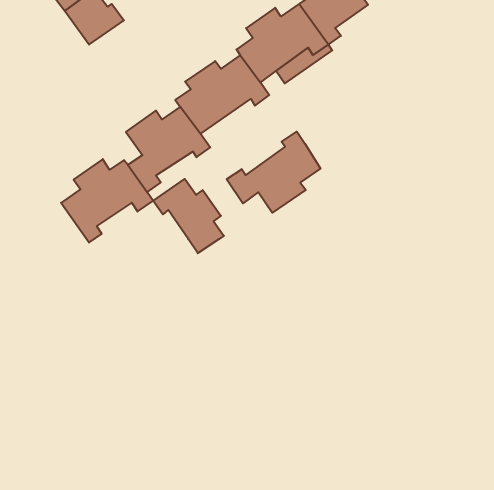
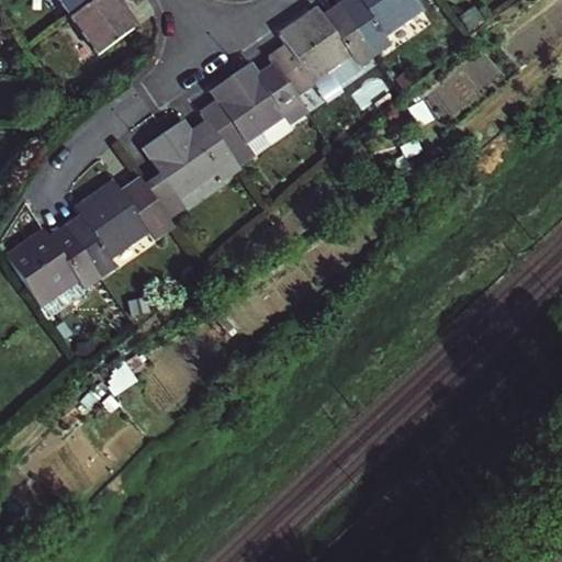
building: [227,132,320,213] -> none
building: [153,179,224,253] -> none
building: none -> [7,229,101,304]

